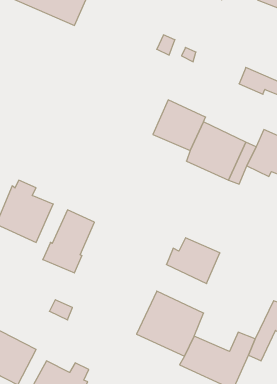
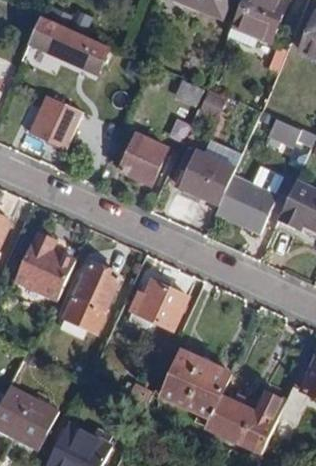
building: none -> [31,97,80,146]
building: none -> [120,134,166,182]
building: [166,238,220,284] -> [131,281,187,329]

